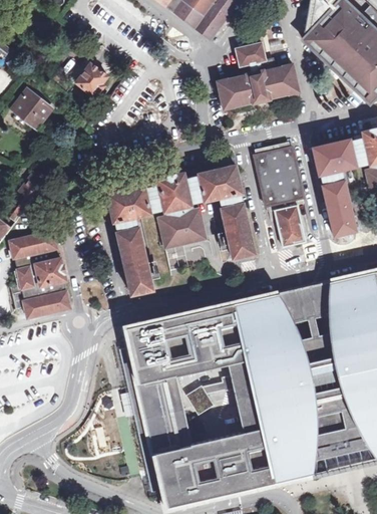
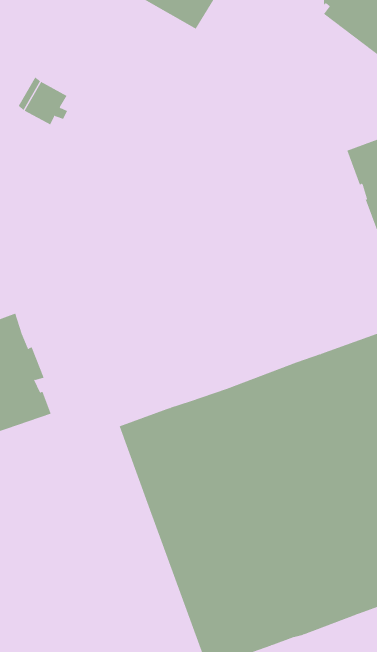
building: [217,43,299,109] -> none
building: [254,148,305,248] -> none
building: [106,166,255,295] -> none

